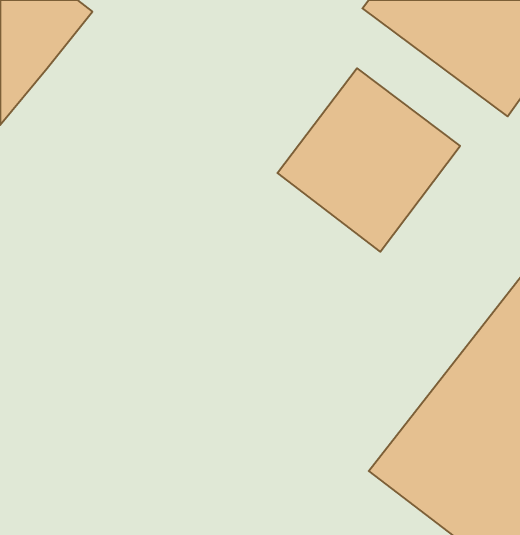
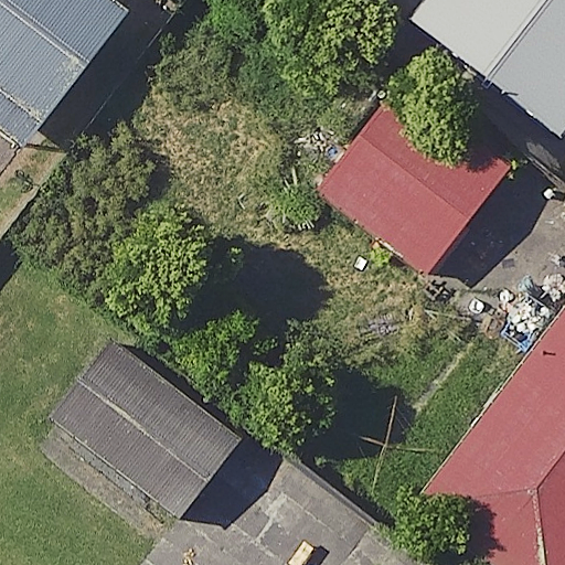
building: none -> [38,330,230,513]

